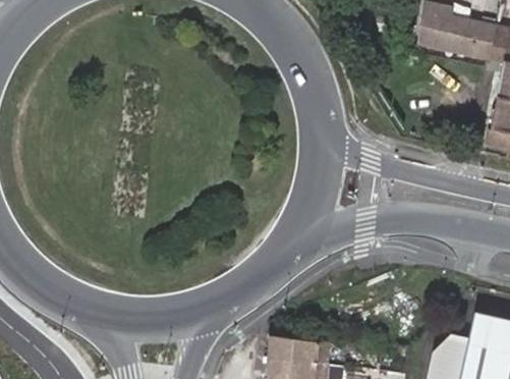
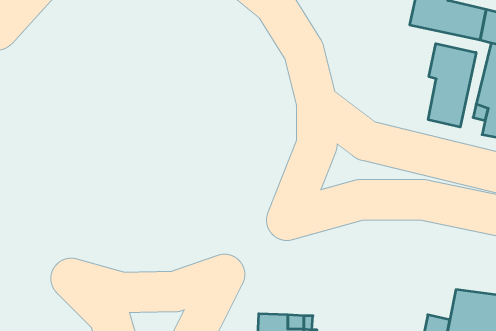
building: none -> [428,44,476,127]

